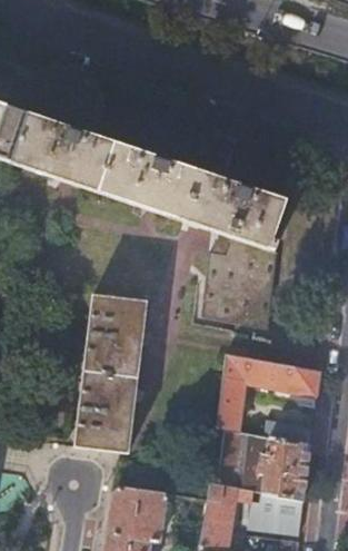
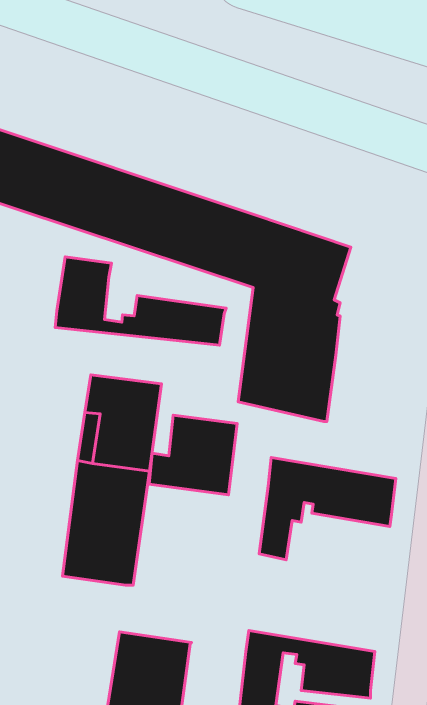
building: none -> [55,257,226,345]
building: none -> [149,415,237,495]
building: [210,426,310,499] -> none

